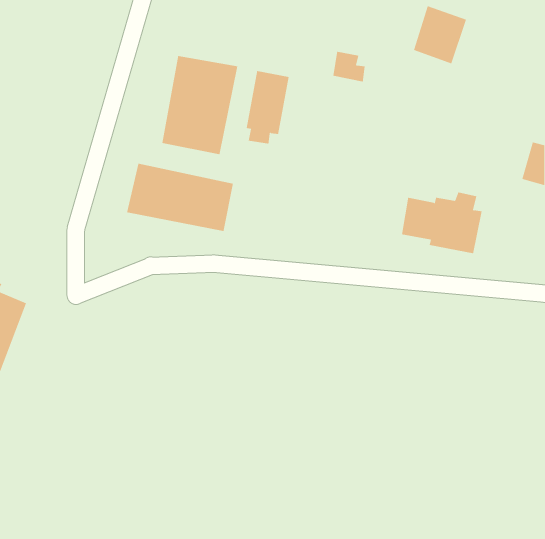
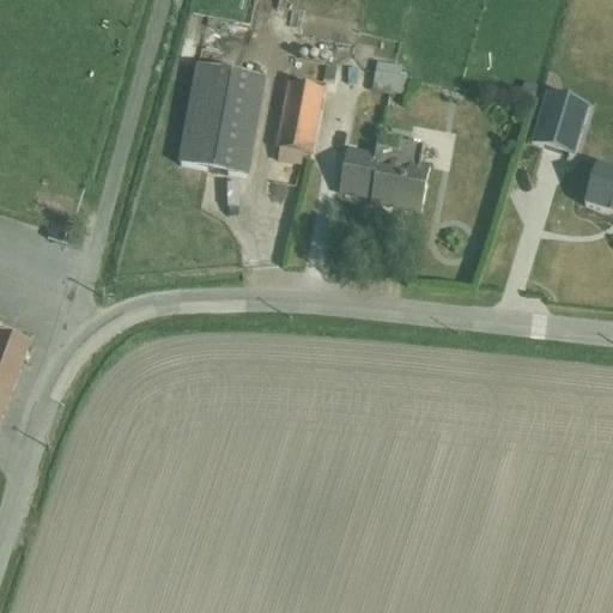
building: [413,5,467,64] -> [526,90,585,156]
building: [127,163,233,232] -> none
building: [401,192,482,254] -> [339,139,430,208]

